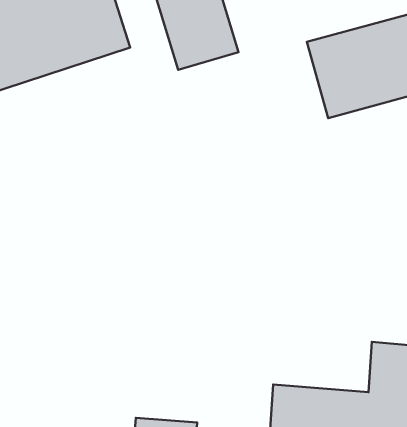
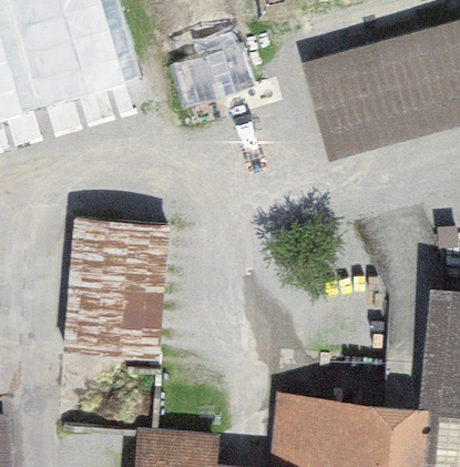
building: none -> [63,219,166,355]

